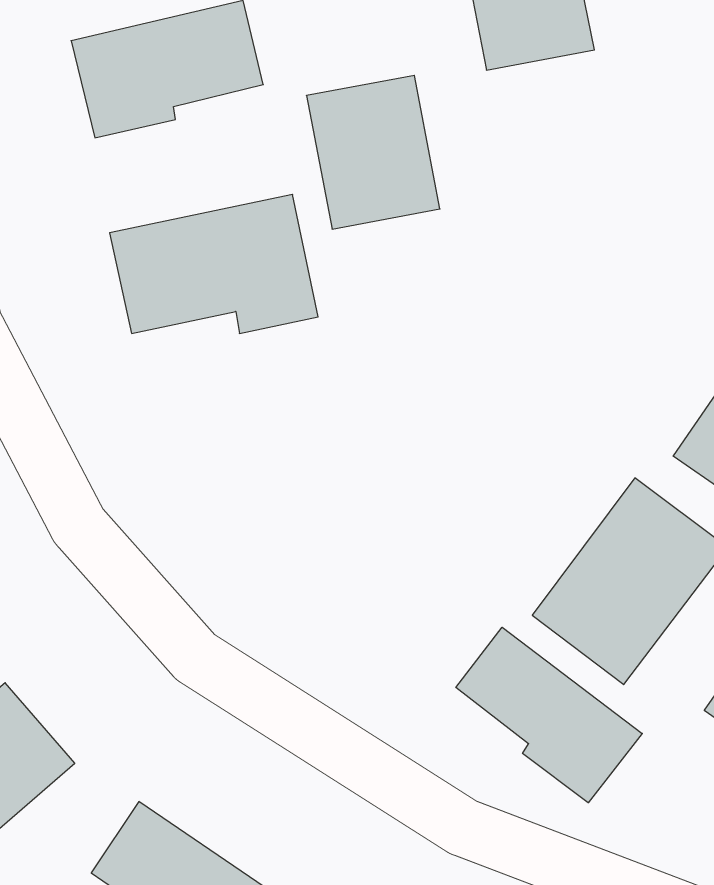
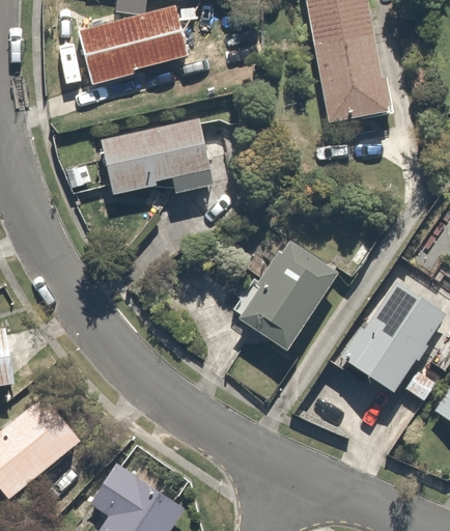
building: [306,75,440,229] -> [313,35,389,122]
building: none -> [233,239,338,351]
building: [456,627,642,803] -> none

